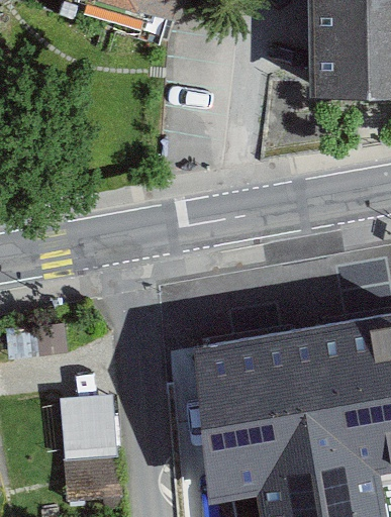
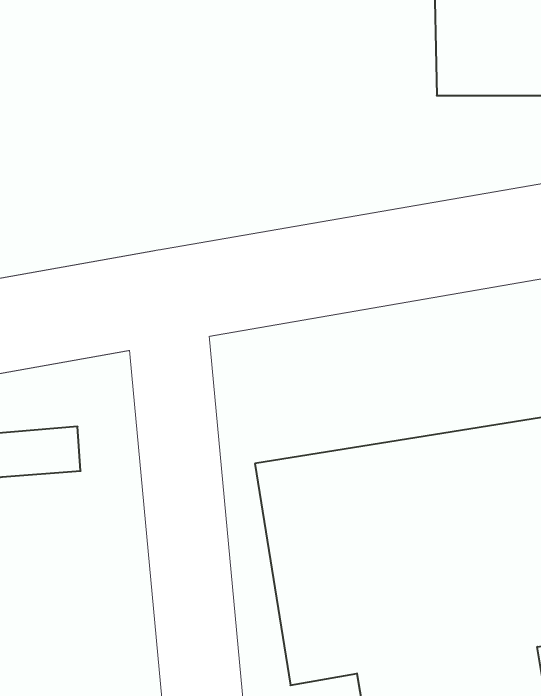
building: [64,387,118,490] -> none

